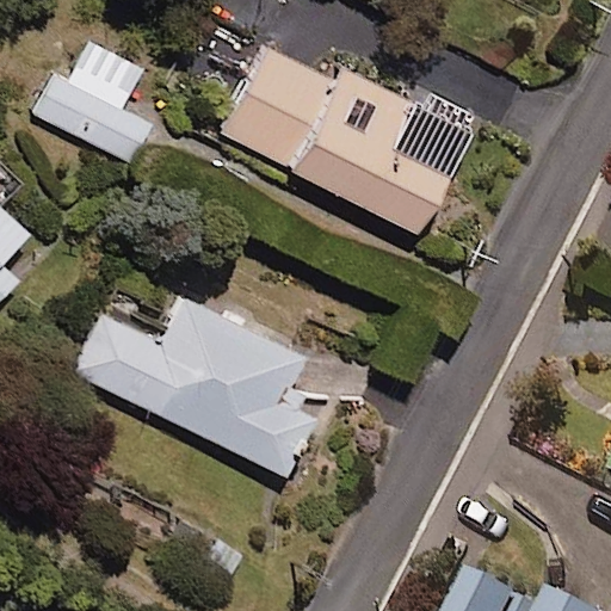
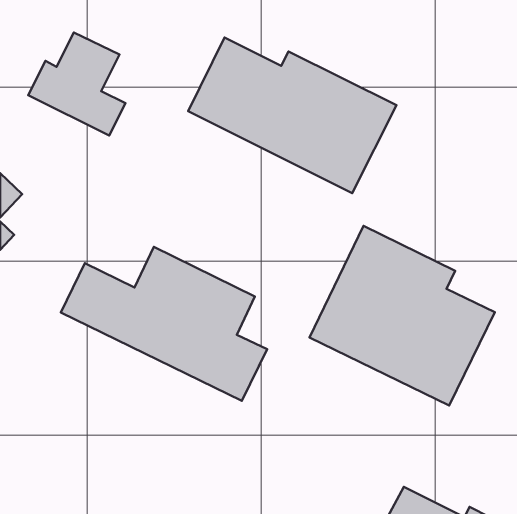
building: none -> [310,226,495,405]

